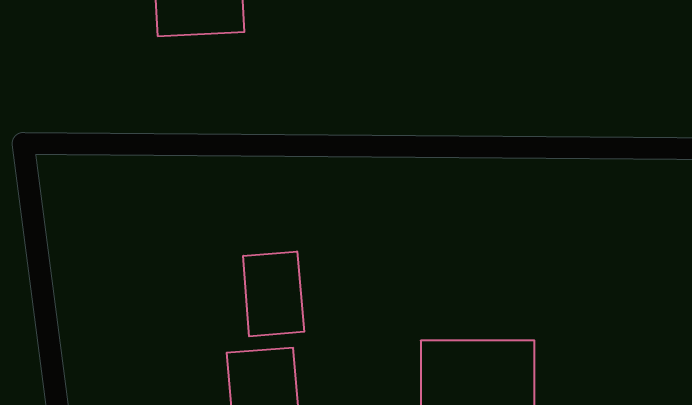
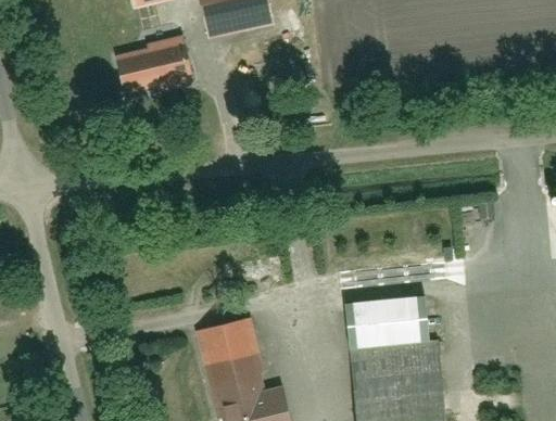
building: [243,251,304,336] -> none

